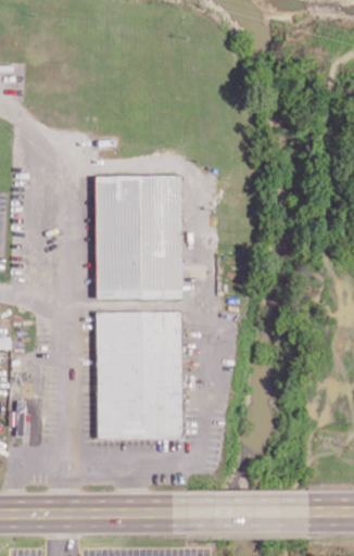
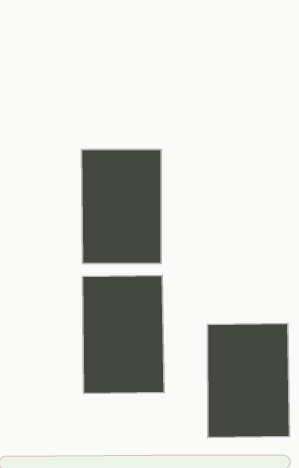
building: none -> [207,323,289,437]

